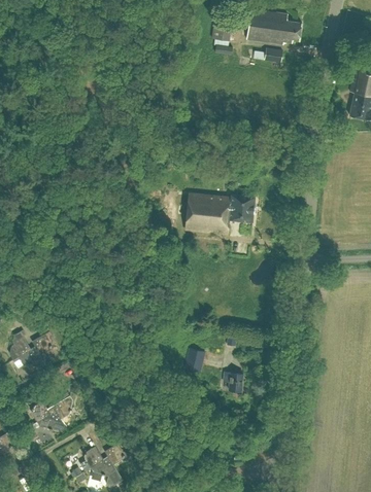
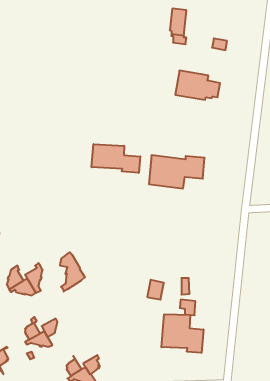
building: [246,9,302,45] -> [175,71,220,100]
building: none -> [92,144,140,173]
building: none -> [60,252,85,292]
building: none -> [161,314,203,353]

